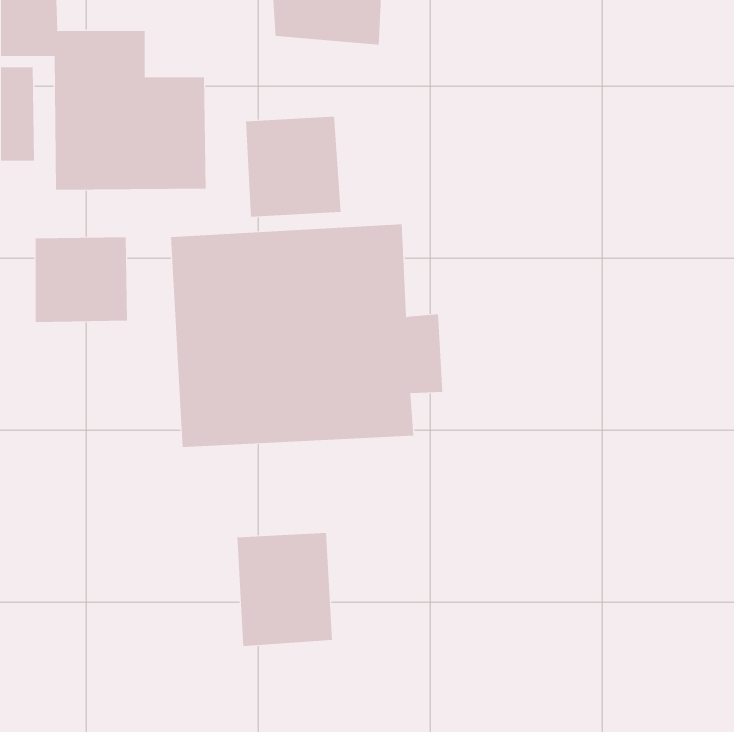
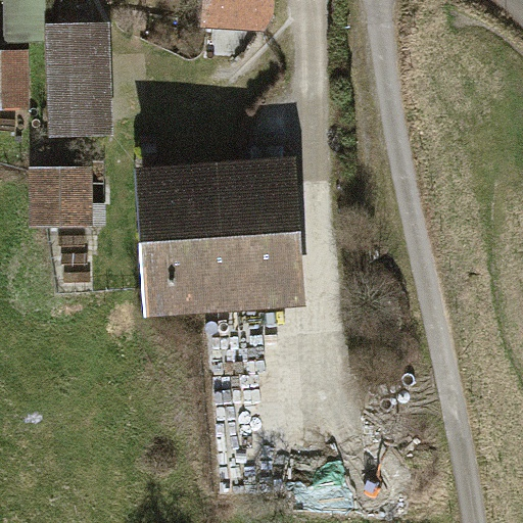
building: [245,116,341,218] -> none
building: [237,532,332,647] -> none

